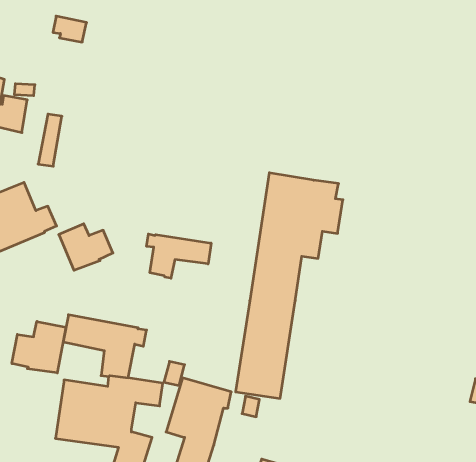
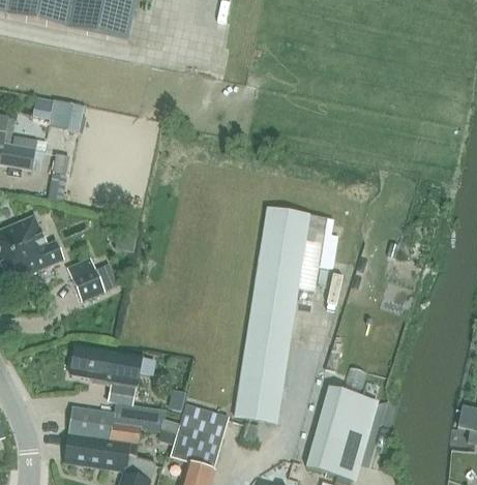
building: [53,16,87,42] -> [50,105,82,130]
building: [147,234,211,278] -> none
building: [12,321,66,373] -> none
building: none -> [306,387,377,480]

